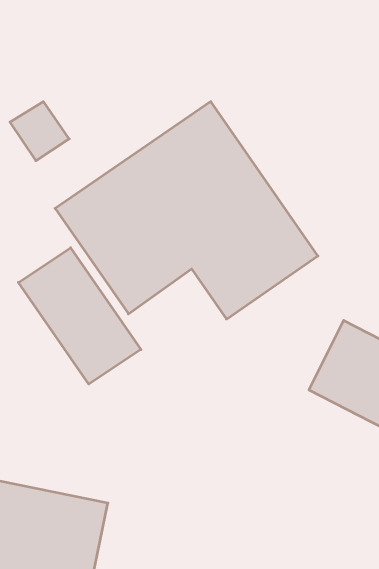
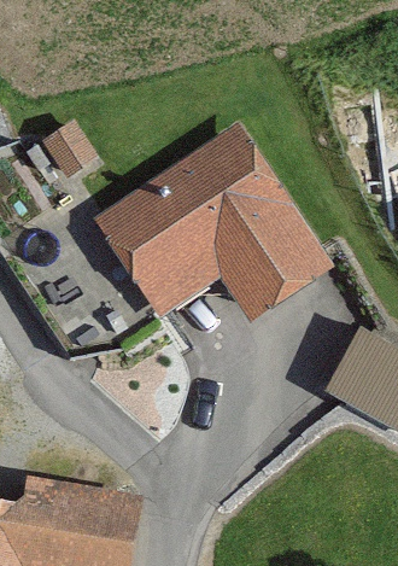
building: [18,248,141,384] -> none

